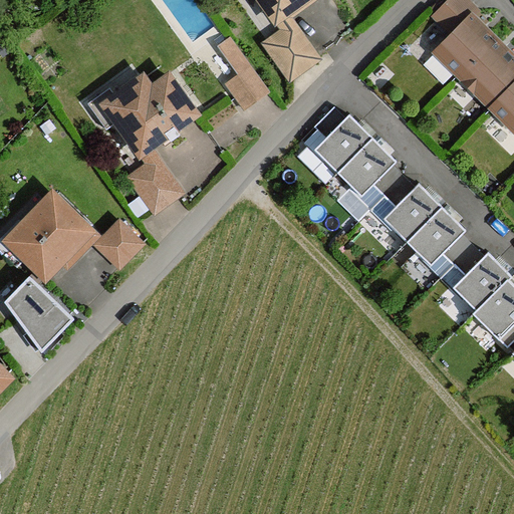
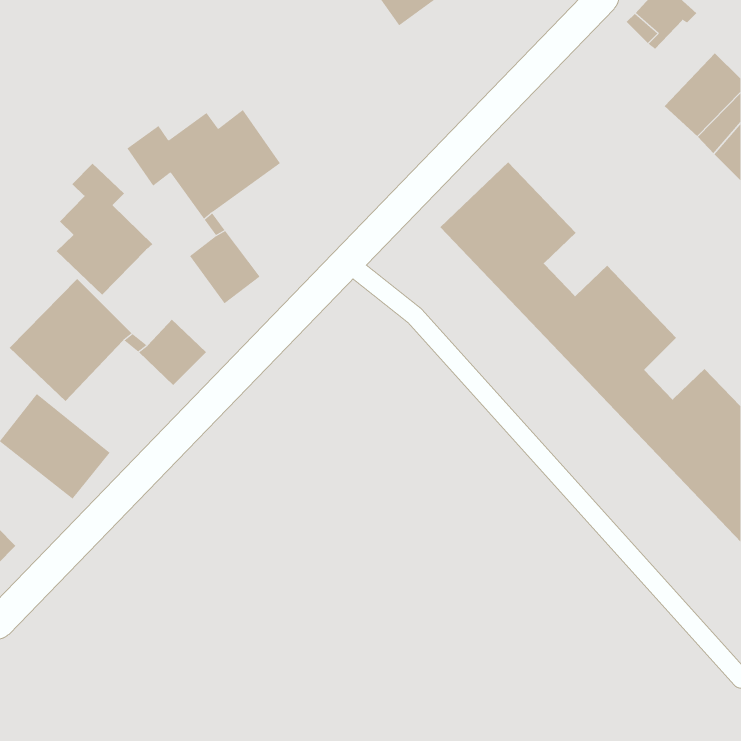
building: [435,14,493,73] -> none
building: [267,24,315,75] -> none
building: [221,36,268,107] -> none
building: none -> [56,163,153,296]

